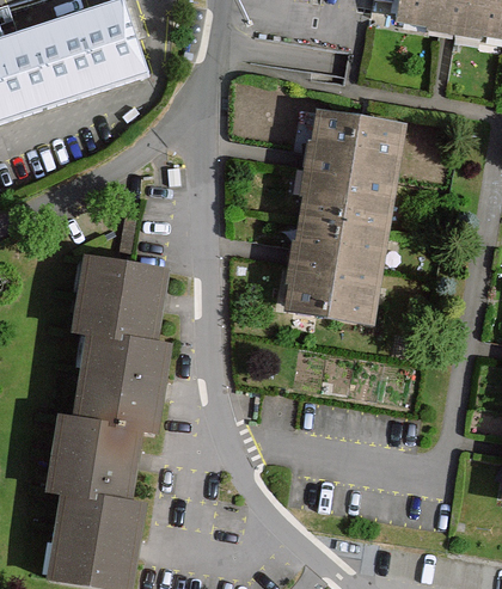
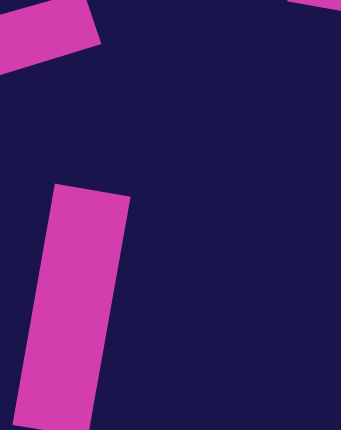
building: [282,108,406,325] -> none

